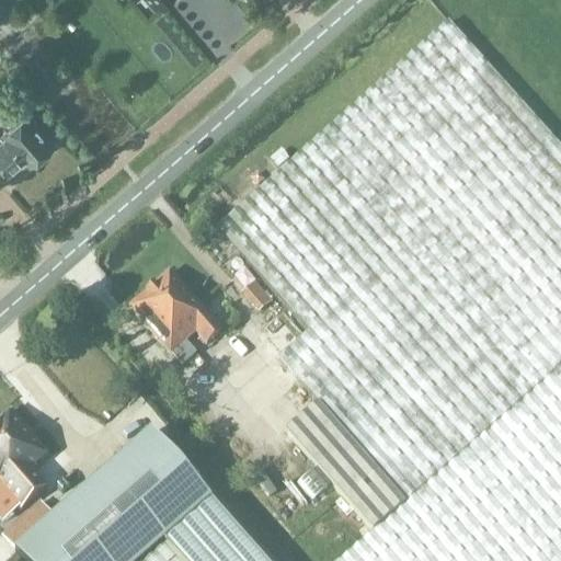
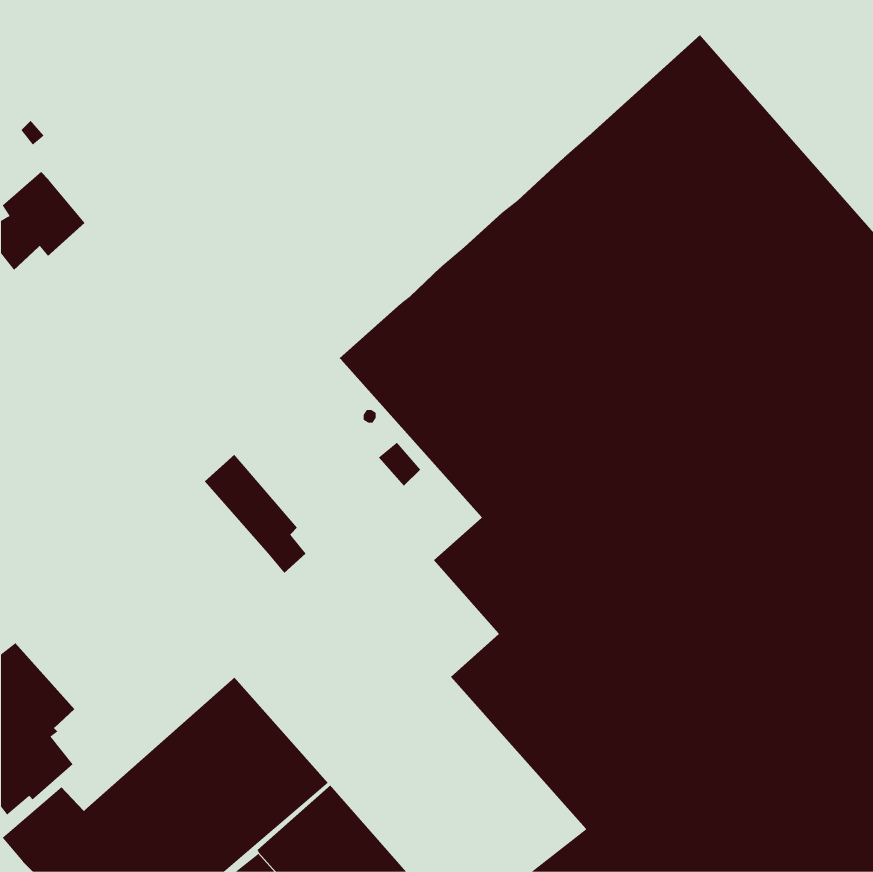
building: [151,273,222,345] -> none

